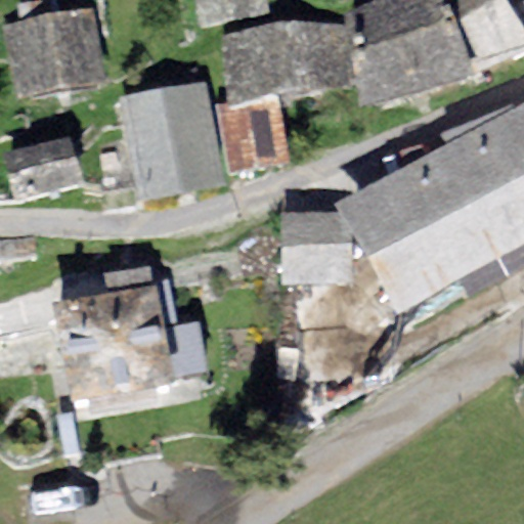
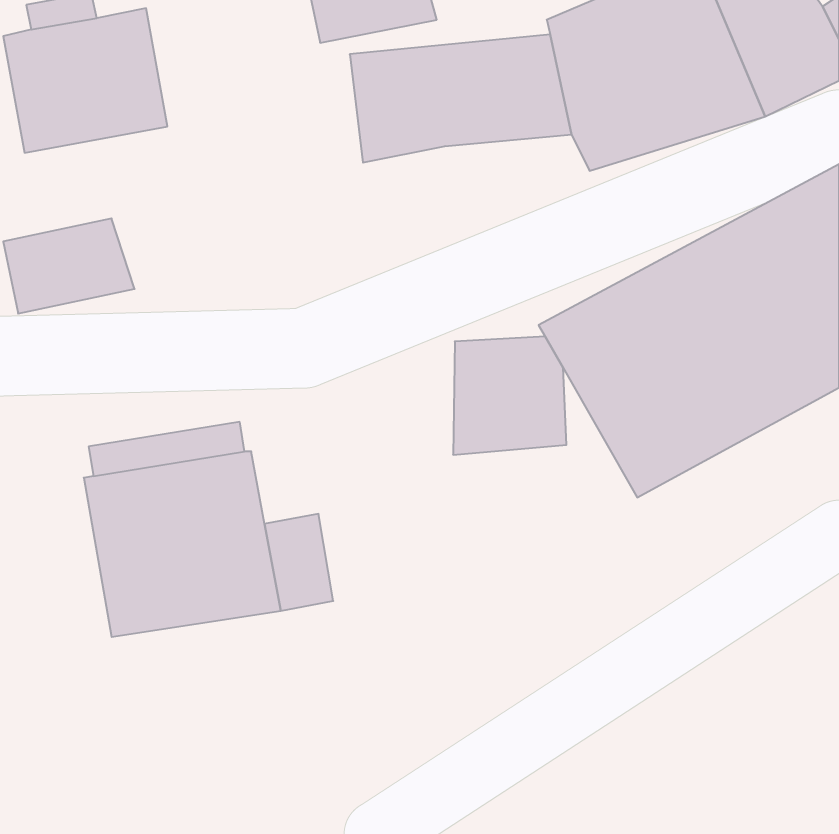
building: [121,78,225,199] -> none
building: [215,91,290,171] -> none

